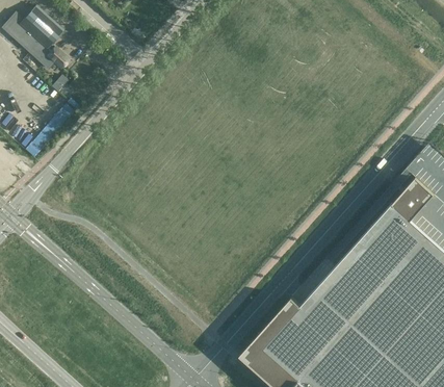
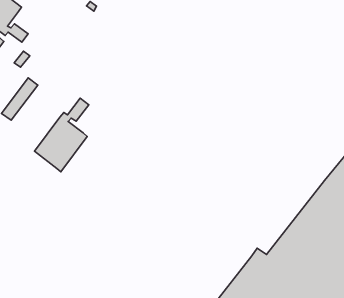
building: none -> [34,98,89,172]

